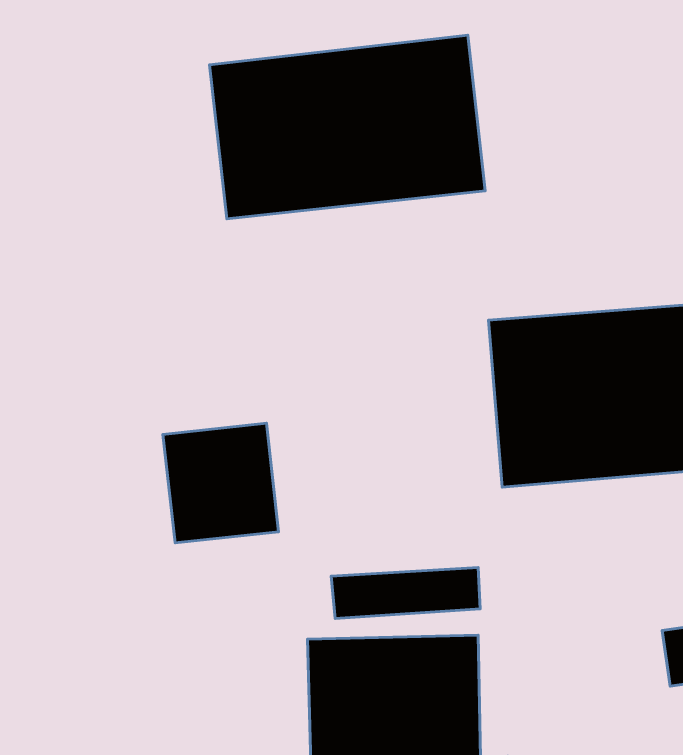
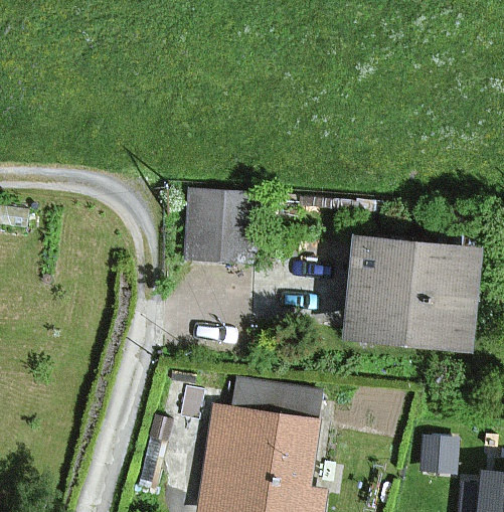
building: [210,35,485,219] -> none
building: [163,423,279,543] -> [186,192,251,261]

